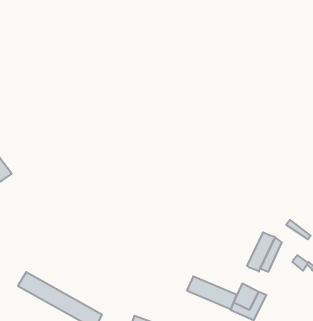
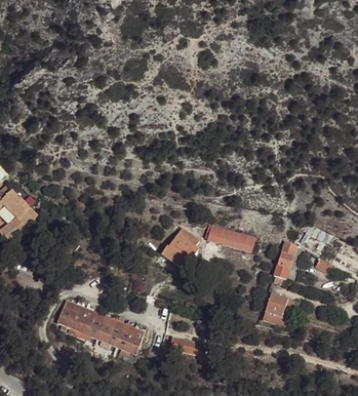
building: none -> [161,228,197,269]
building: [187,276,237,309] -> [206,225,254,251]

